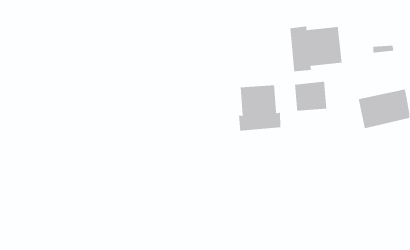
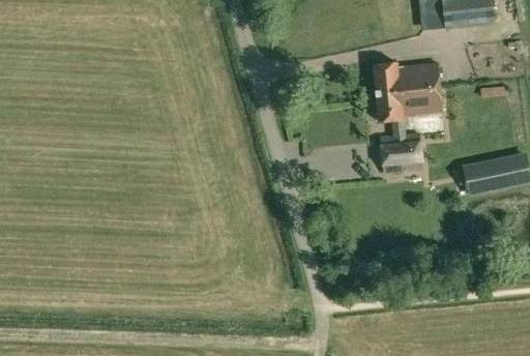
building: [238,85,281,131] -> none

